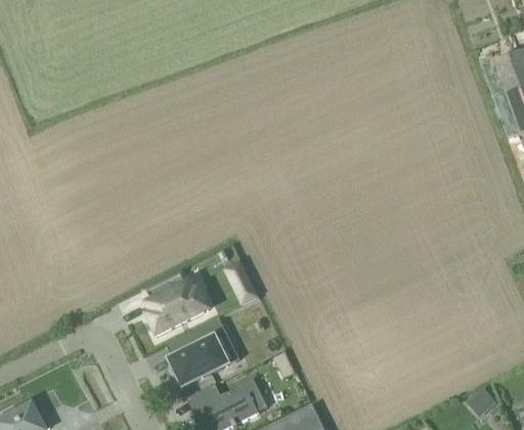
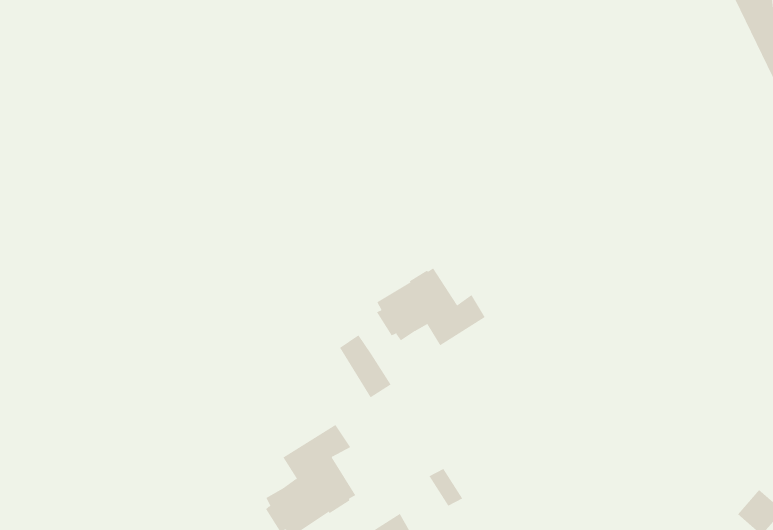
building: none -> [376,267,485,346]
building: [144,271,209,335] -> none

